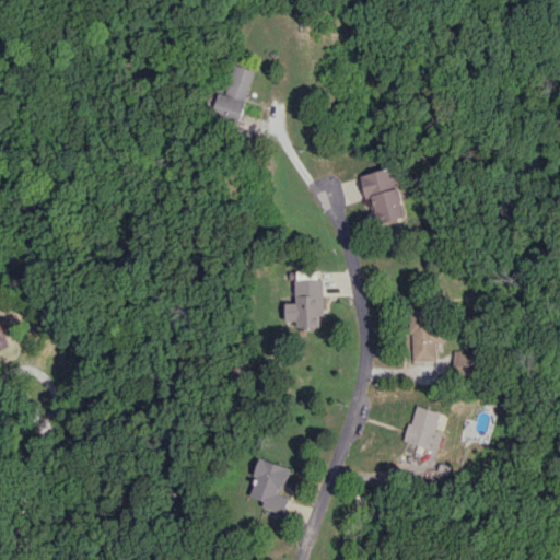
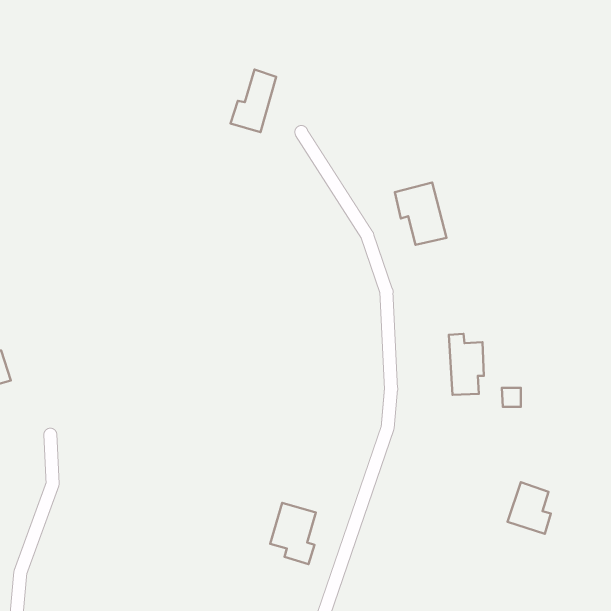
building: [281,280,322,328] -> none
building: [404,406,443,453] -> [508,482,551,534]

